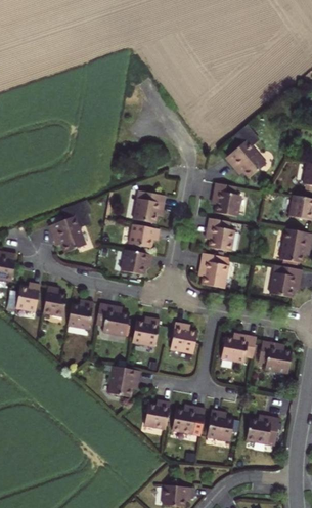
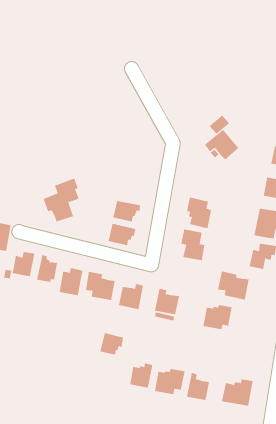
building: [213,185,240,220] -> none
building: [131,188,164,222] -> none
building: [257,343,292,375] -> [217,271,249,300]

